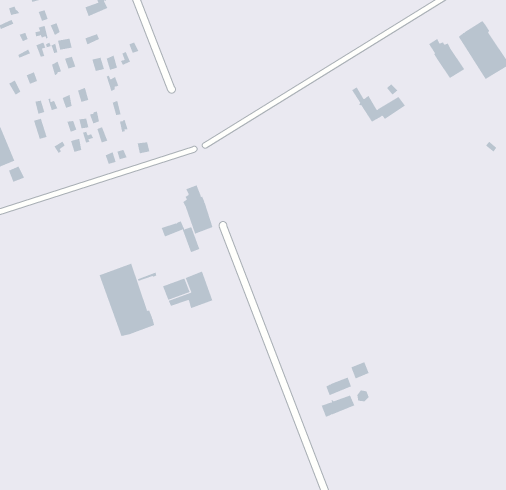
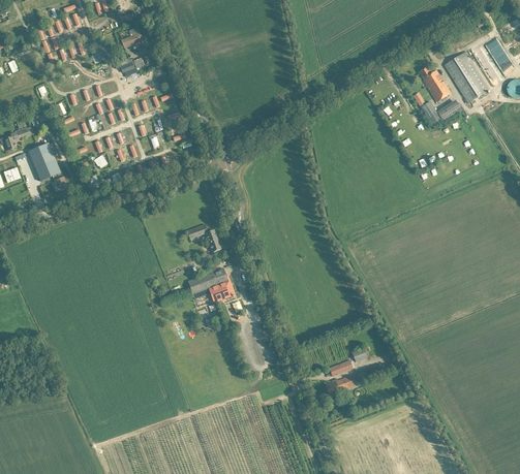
building: [351,87,406,122] -> [415,93,462,124]
building: [183,184,213,235] -> none
building: [99,263,155,337] -> none

